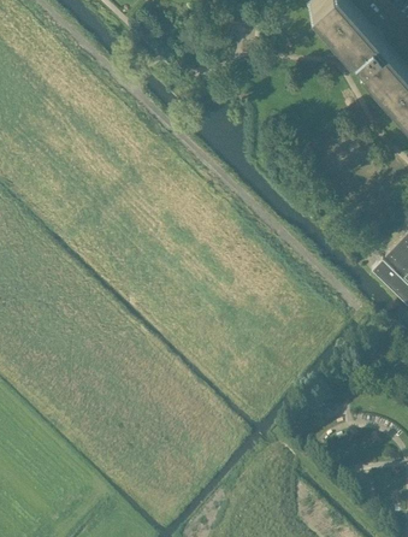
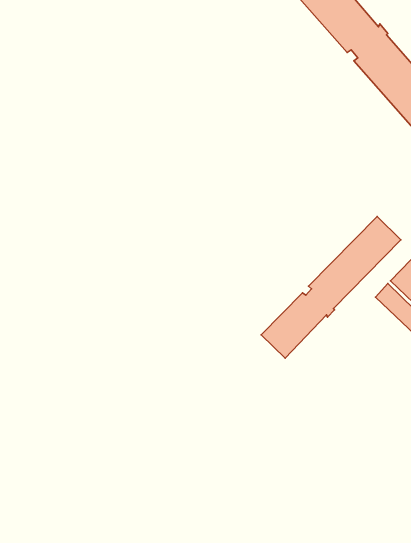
building: none -> [261,217,401,358]

